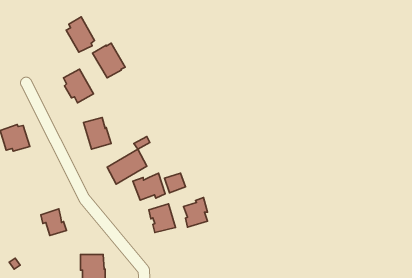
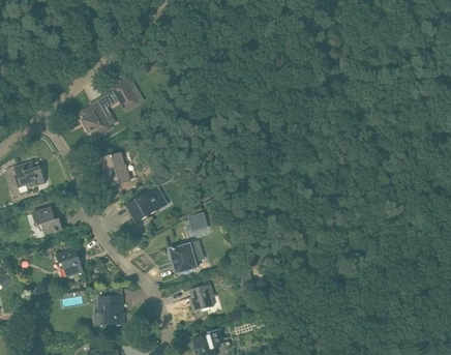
building: [66,17,95,52] -> none
building: none -> [31,207,62,234]
building: [133,173,165,200] -> none
building: [184,197,207,227] -> [188,280,213,312]

